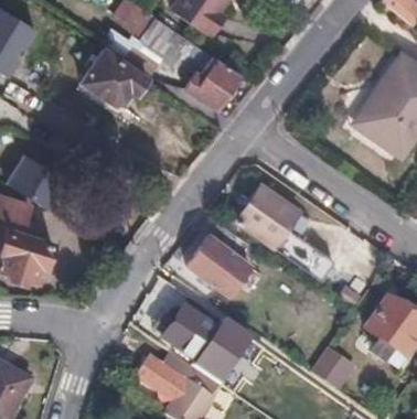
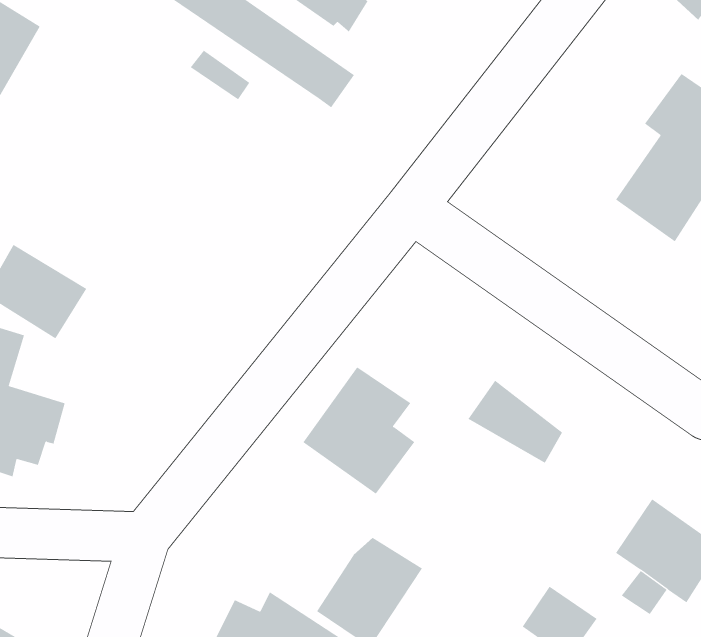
building: [81,50,143,101] -> none
building: [184,57,238,107] -> none
building: [236,184,311,253] -> none
building: [161,308,215,362] -> none

